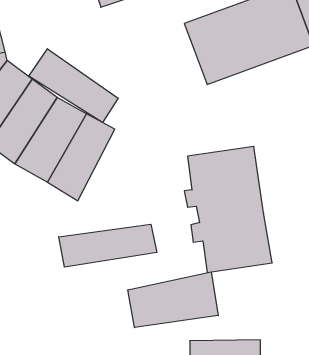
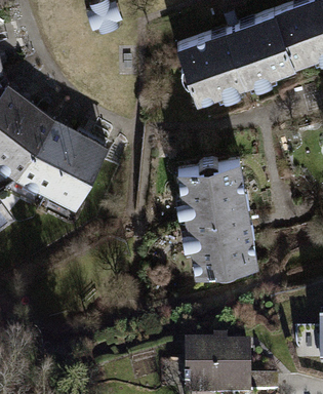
building: [29,49,118,122] -> none
building: [59,224,157,267] -> none
building: [128,272,218,328] -> none

